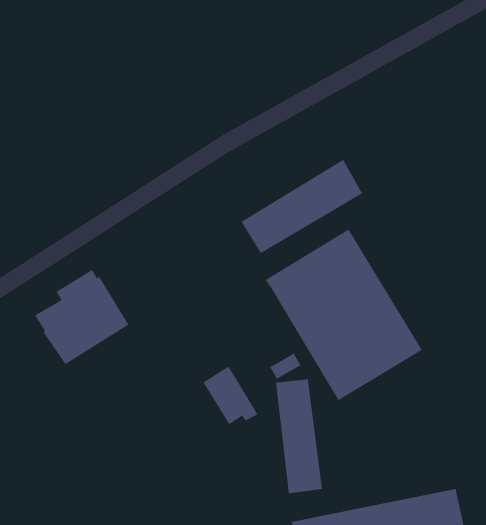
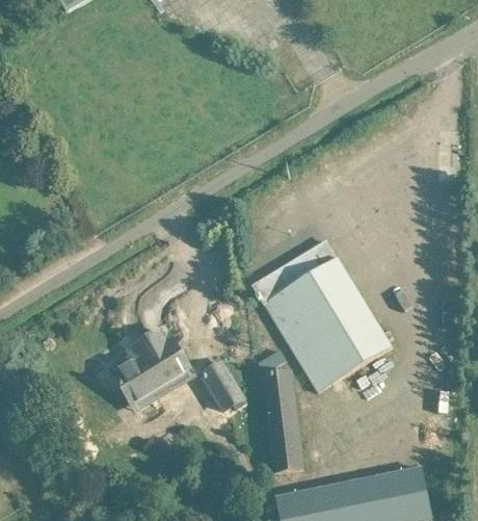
building: [240,159,363,254] -> none
building: [34,269,129,365] -> [111,330,194,414]

